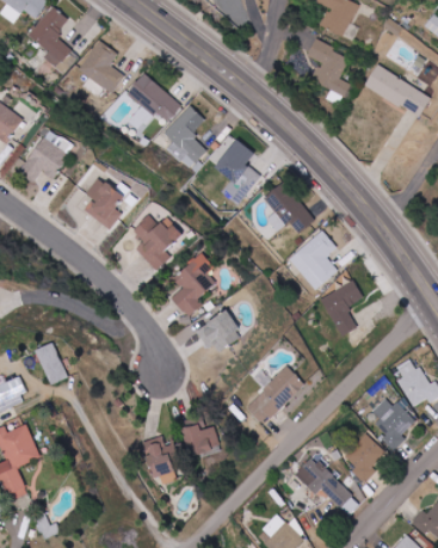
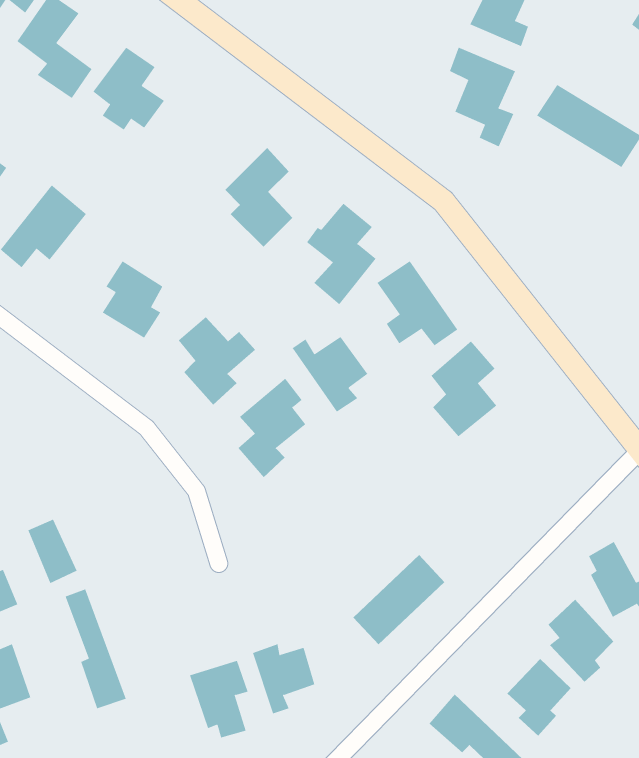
building: [125,73,180,125] -> none
building: none -> [292,336,368,413]
building: [320,281,363,337] -> none
building: [193,309,242,350] -> none
building: none -> [65,589,126,709]

